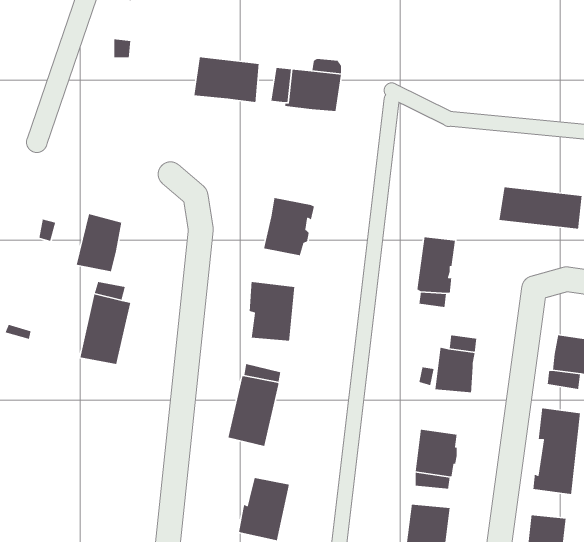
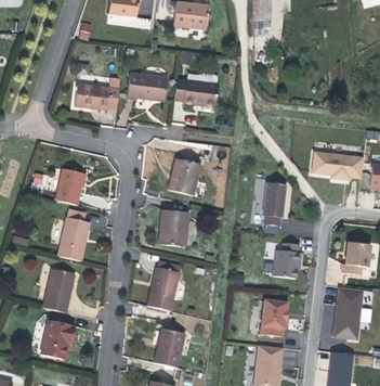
building: none -> [75,83,119,111]
building: none -> [43,269,75,312]
building: none -> [40,320,74,359]

